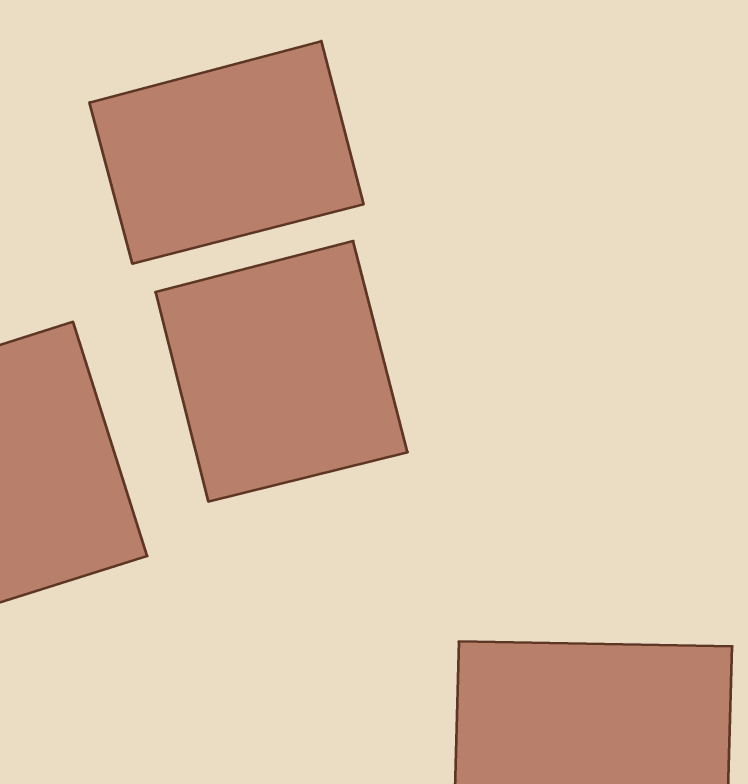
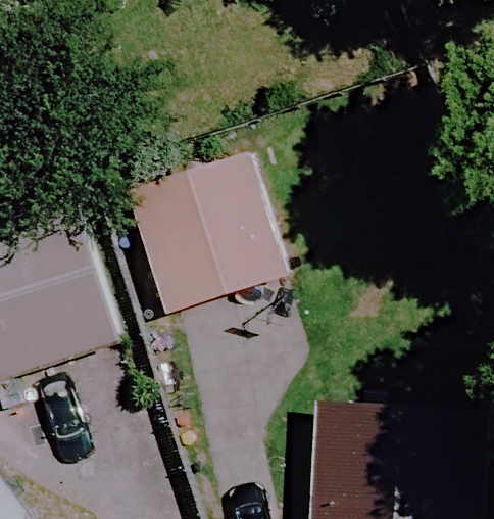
building: [90,41,363,264] -> none

